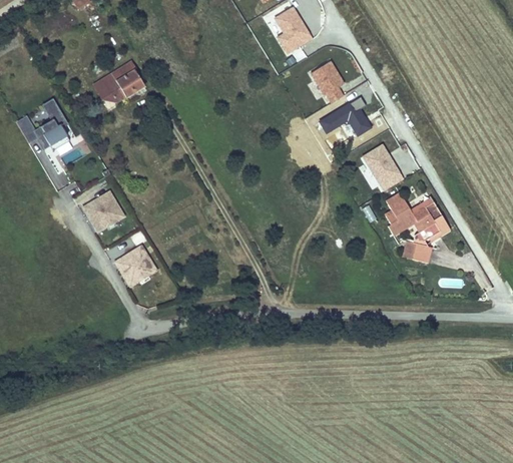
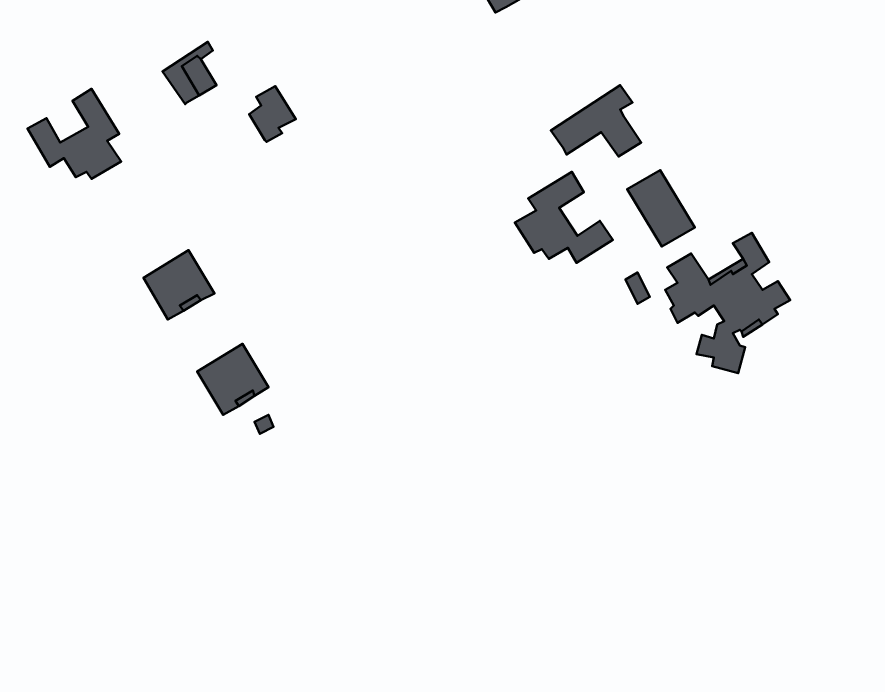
building: [310,60,344,102] -> none
building: [116,64,143,96] -> [249,86,296,142]
building: none -> [515,172,613,263]

